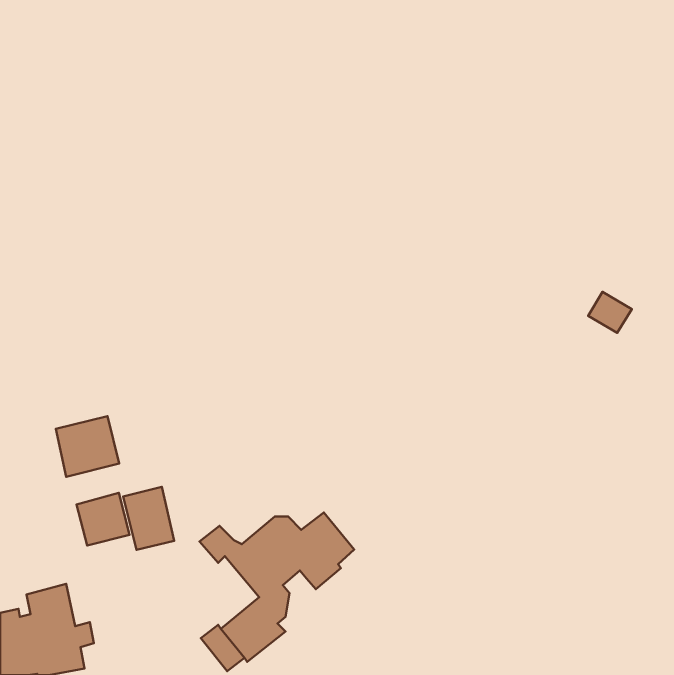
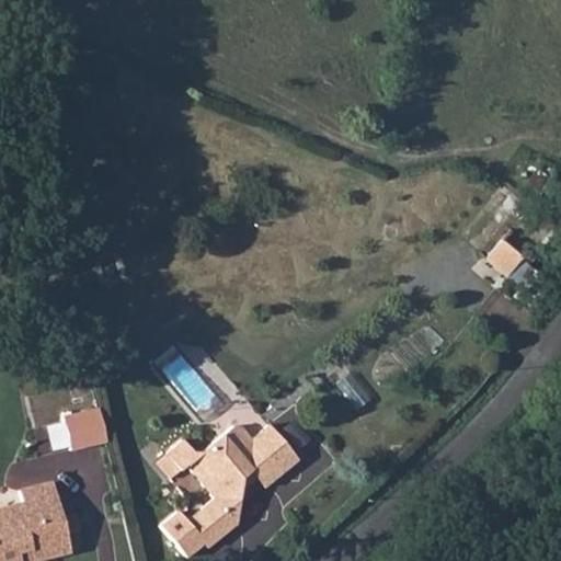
building: [56,416,119,477] -> none
building: [123,487,174,550] -> none

